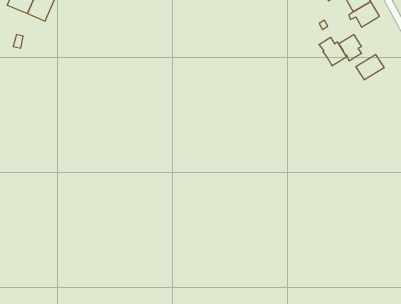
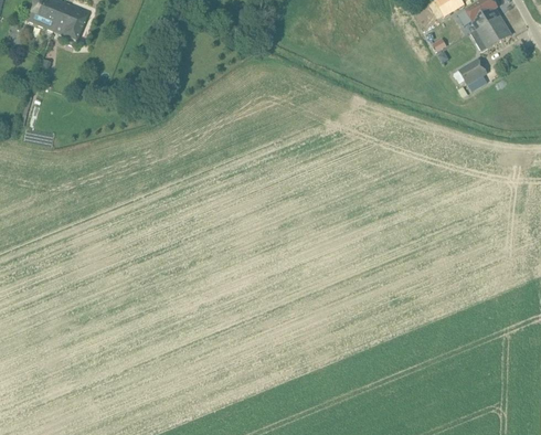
building: [319,37,346,66] -> none
building: [356,54,384,80] -> none

